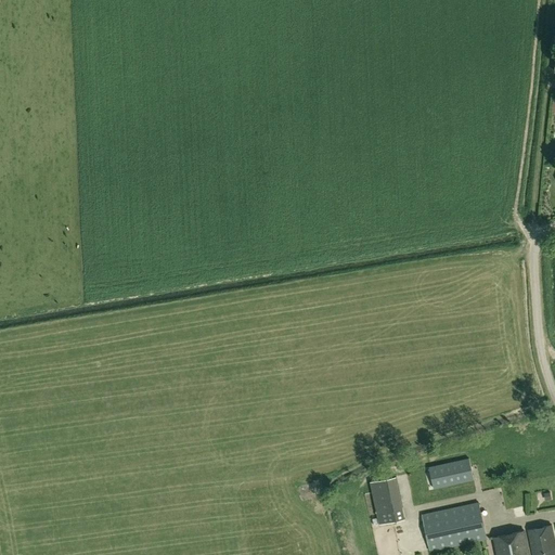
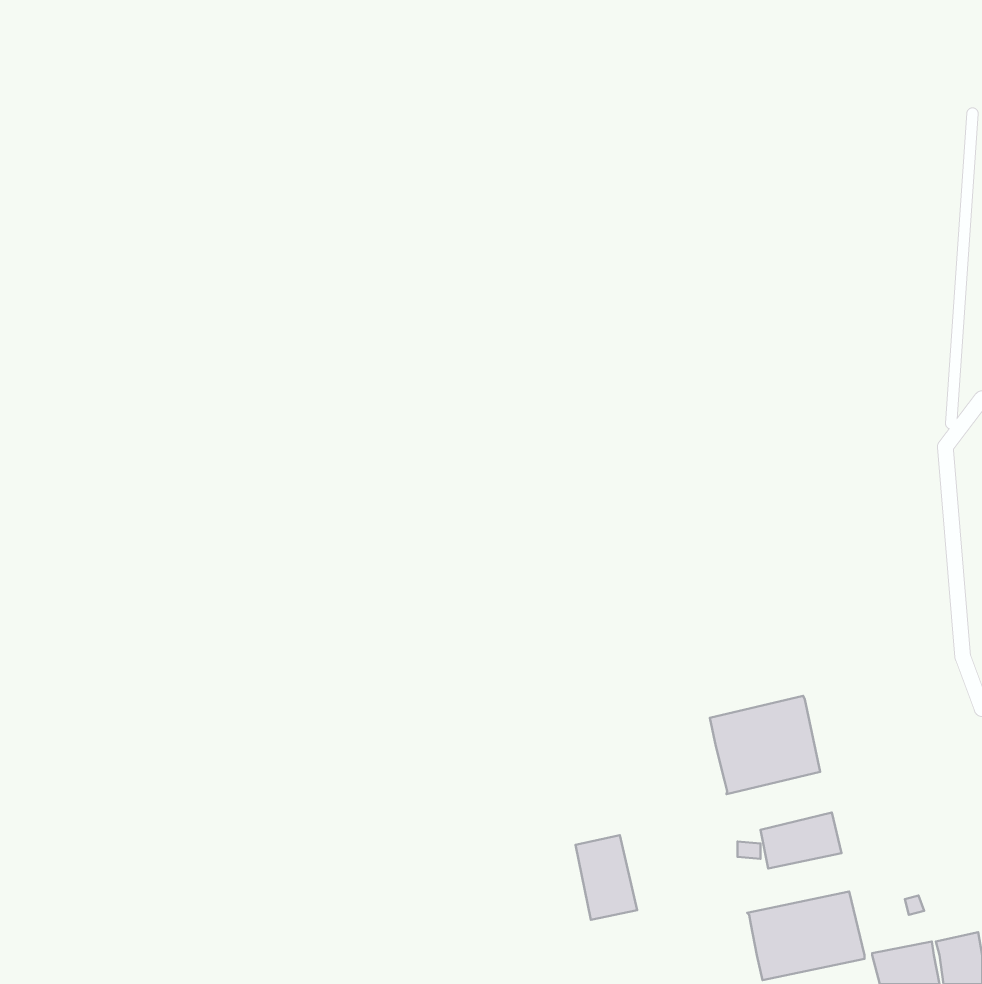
building: none -> [710,696,820,794]
building: [370,476,404,524] -> [576,835,637,920]

